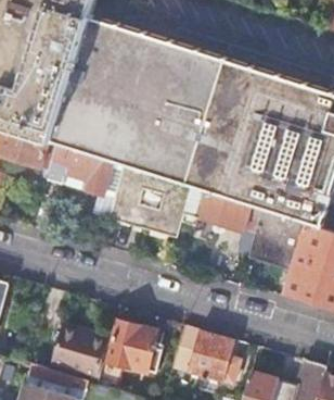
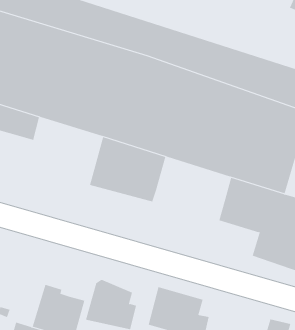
building: [48,146,124,198] -> none
building: [182,188,261,234] -> none

